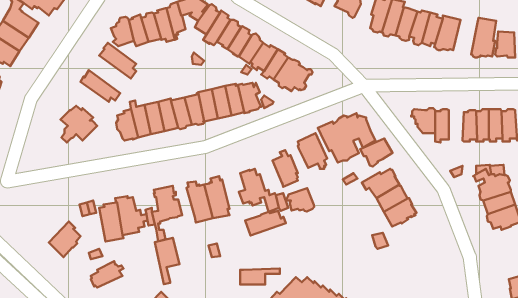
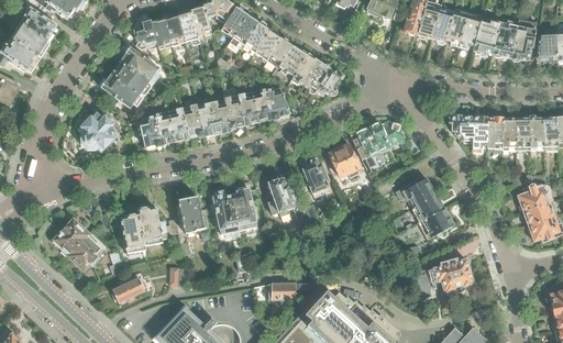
building: none -> [492,22,517,58]
building: none -> [110,59,154,102]
building: none -> [487,115,503,148]
building: [360,138,393,166] -> none
building: [286,188,314,211] -> none
building: none -> [54,219,89,255]
building: [245,211,286,235] -> none
building: [155,238,179,284] -> none
building: none -> [415,258,473,298]

